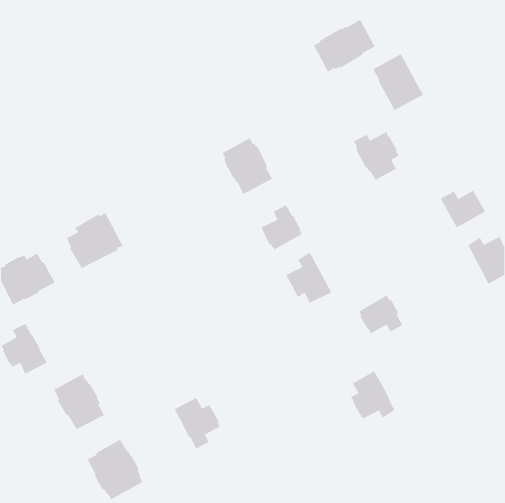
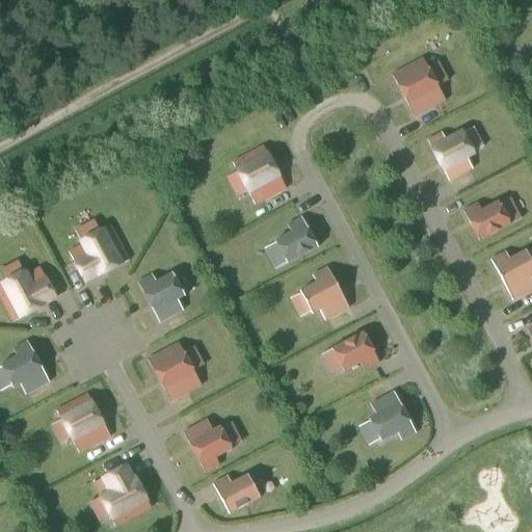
building: [313,19,375,72] -> none
building: [353,131,400,181] -> [427,128,476,180]
building: none -> [137,271,185,322]
building: [359,295,403,334] -> [332,329,379,371]
building: none -> [148,341,202,401]
building: none -> [213,473,261,512]

